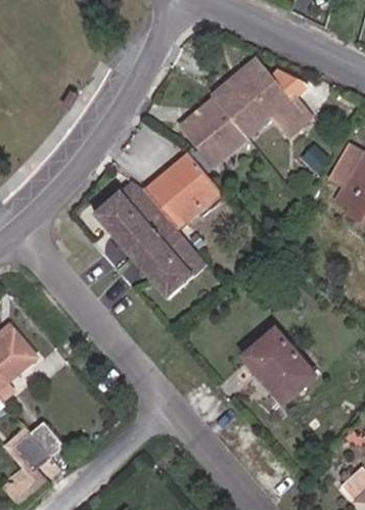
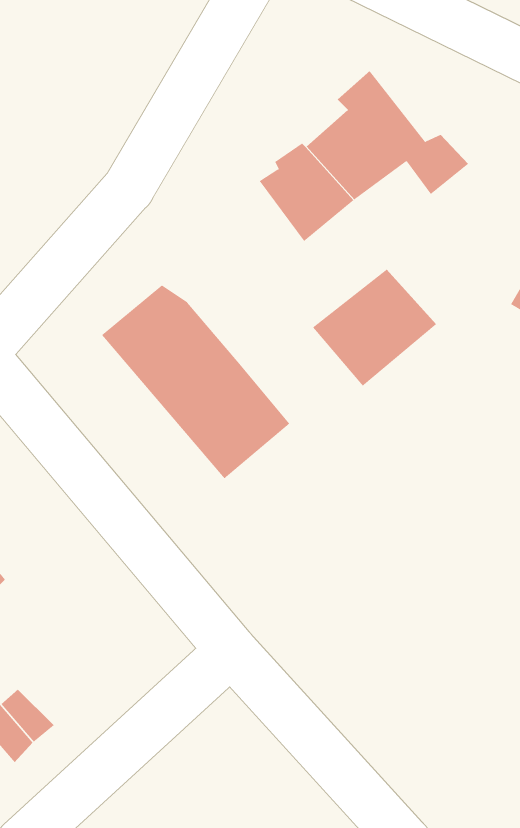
building: [143,160,217,230] -> [312,269,437,387]
building: [242,331,313,405] -> none

